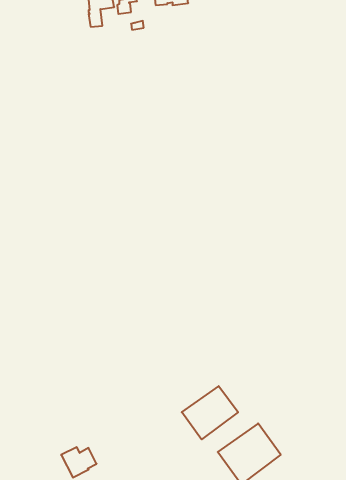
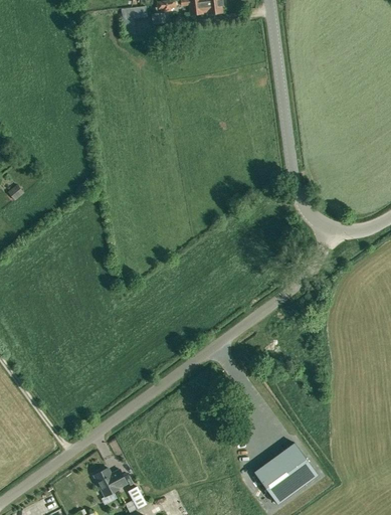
building: [182,386,238,439] -> none

